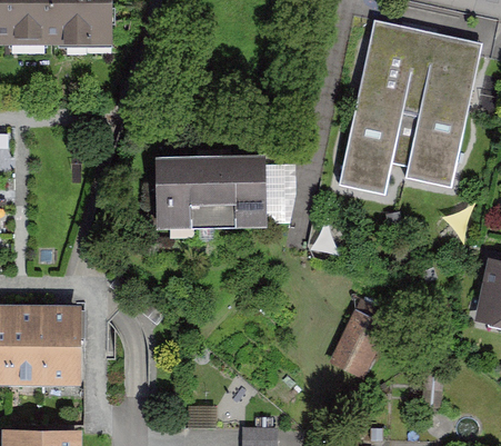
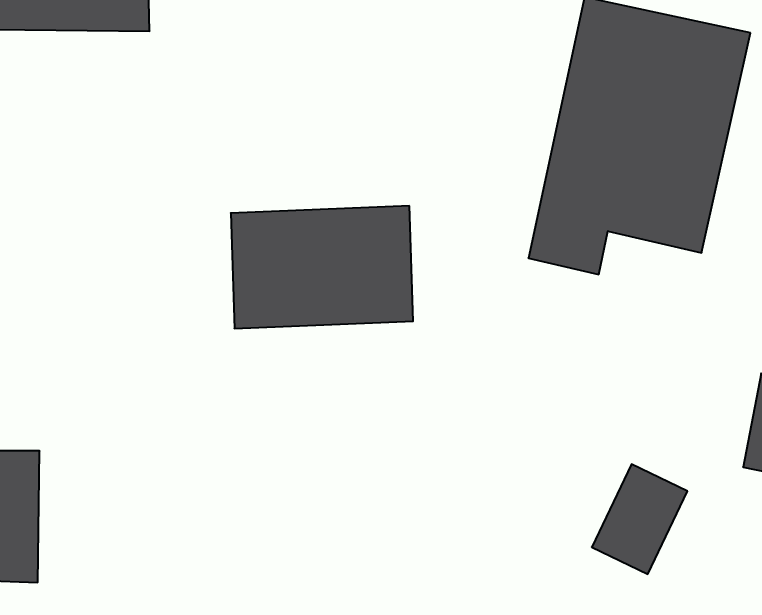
building: [40,305,82,386] -> none
building: [330,308,389,376] -> [592,464,687,574]

